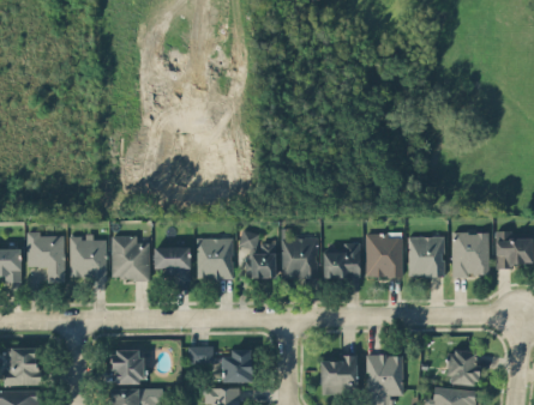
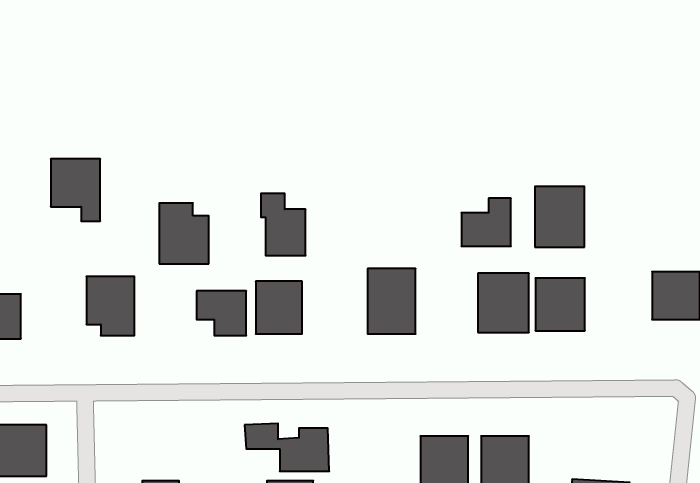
building: [26,232,64,279] -> [51,159,100,221]
building: [241,232,275,279] -> [261,193,306,256]
building: [451,232,488,278] -> [535,186,584,247]
building: [112,236,149,282] -> [159,203,209,264]
building: [323,243,360,279] -> [461,198,511,246]
building: [113,350,143,385] -> none
building: [448,351,479,385] -> none

